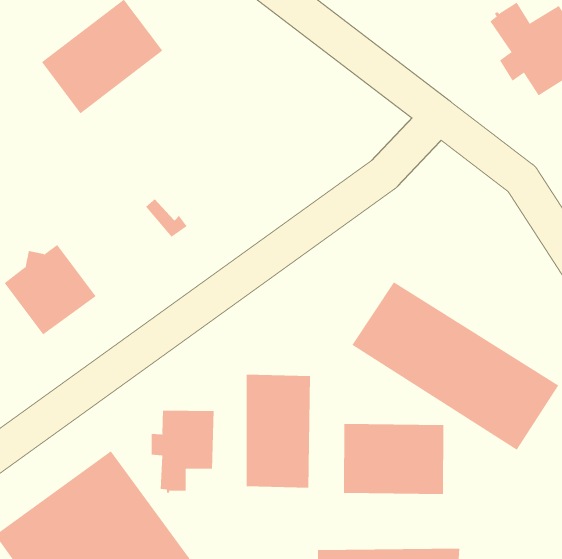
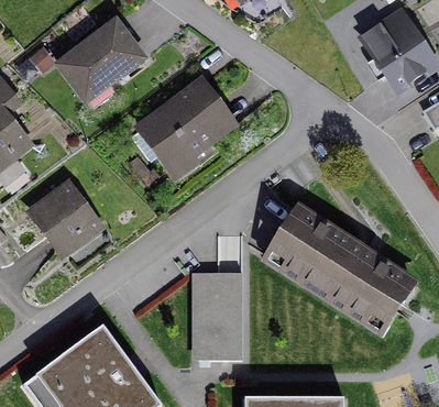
building: none -> [142,85,228,175]
building: [151,410,214,493] -> none
building: [344,423,444,495] -> none

